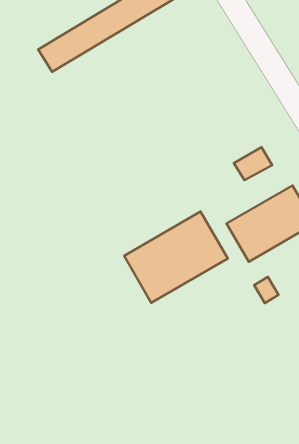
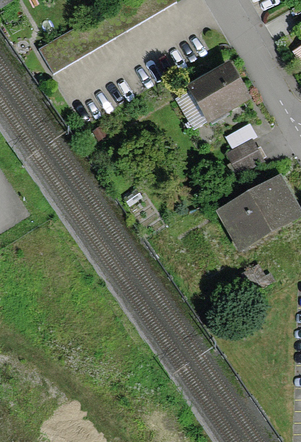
building: none -> [187,64,245,120]
building: [124,212,228,303] -> none

